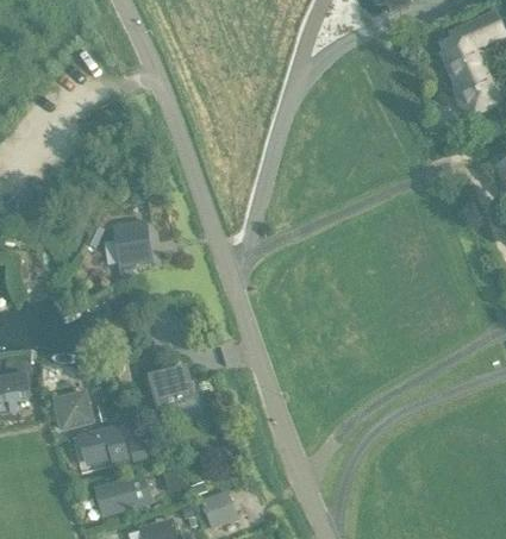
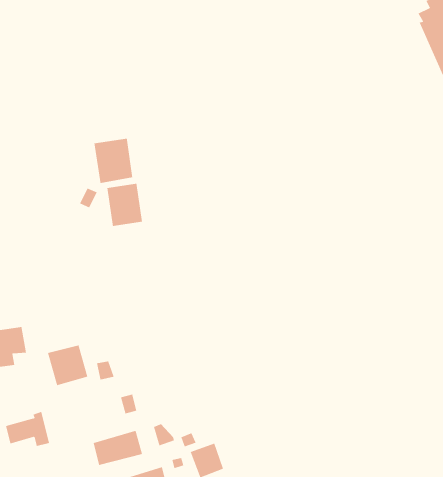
building: none -> [94,138,133,184]
building: [150,368,192,409] -> none
building: [80,425,126,462] -> [5,411,50,446]

